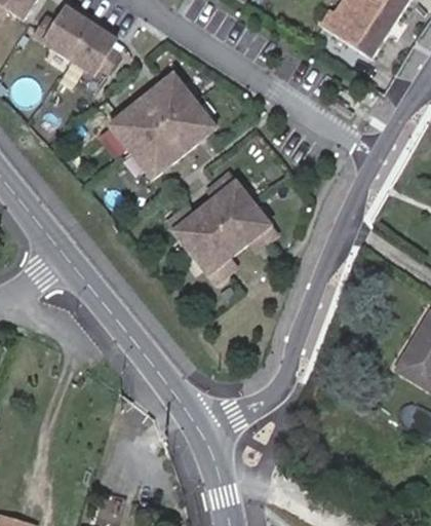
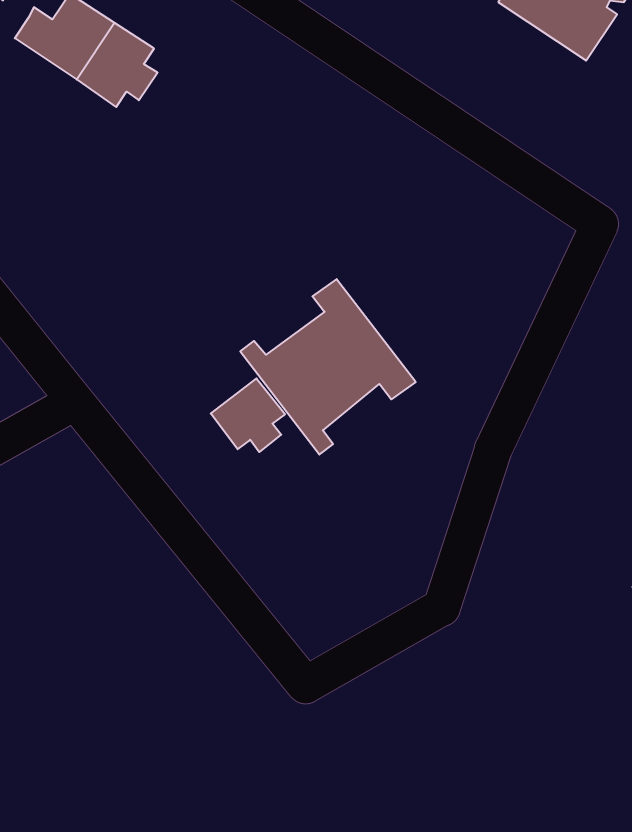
building: [106,77,212,181] -> none
building: none -> [211,378,285,452]

